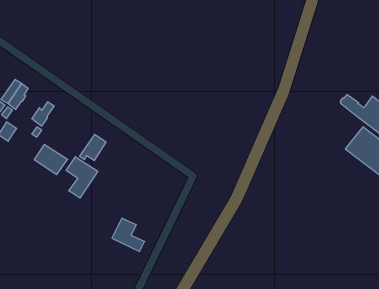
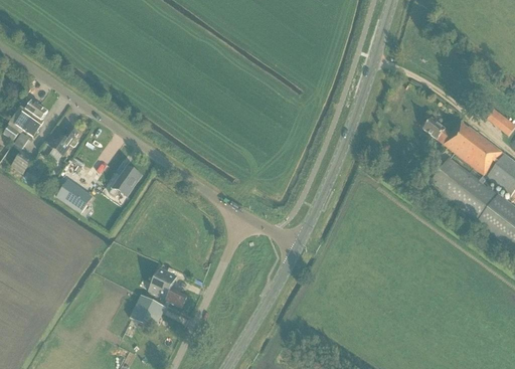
building: [66,157,98,198] -> none
building: none -> [129,293,165,328]

